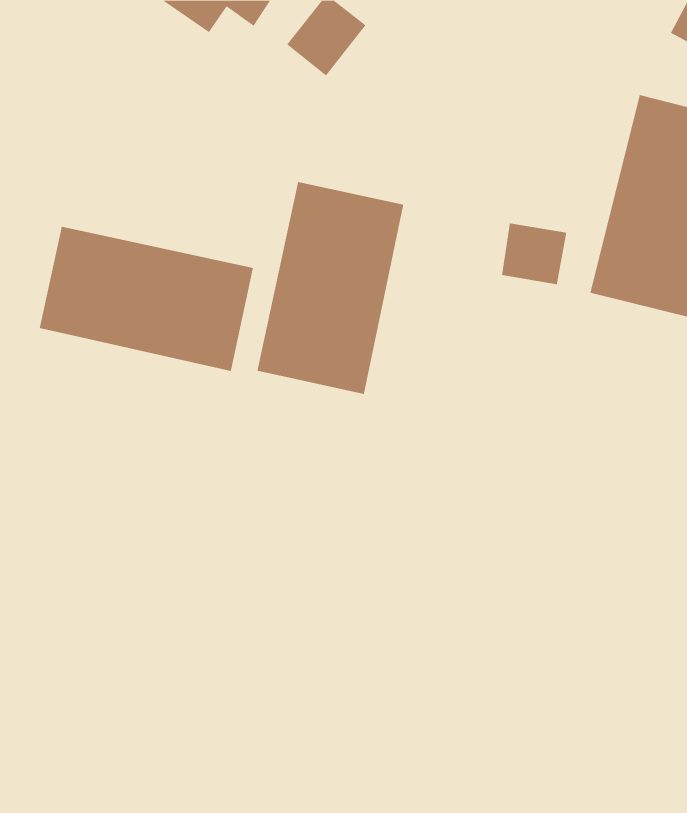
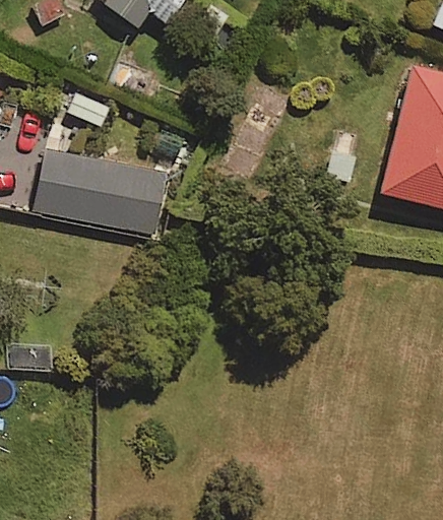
building: [256,181,404,395] -> none

